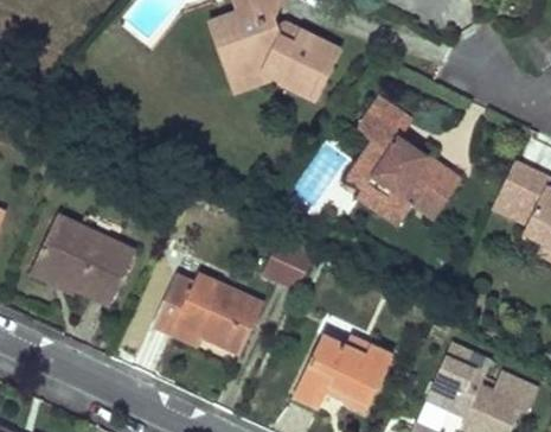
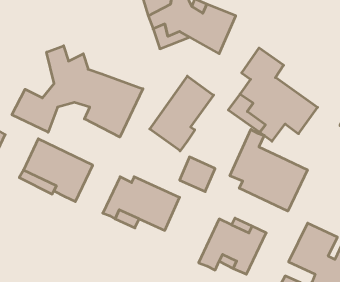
building: none -> [12,46,143,137]
building: none -> [150,76,214,151]
building: none -> [230,129,307,211]

